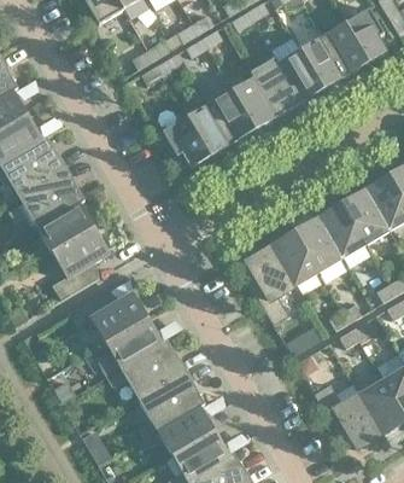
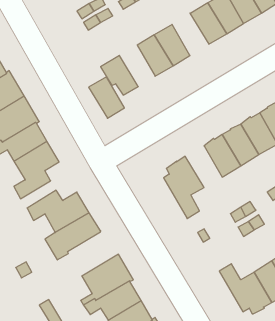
building: [251,56,301,116] -> none
building: [187,103,233,156] -> [89,77,124,118]
building: [271,232,318,285] -> none
building: [107,338,186,398] -> none

